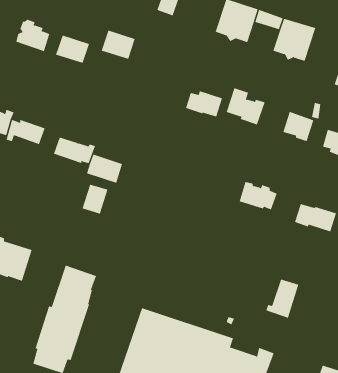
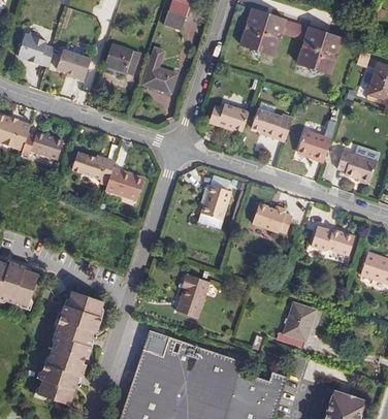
building: none -> [146,47,181,93]
building: none -> [201,183,231,217]
building: [82,184,108,214] -> none
building: none -> [179,273,211,316]

